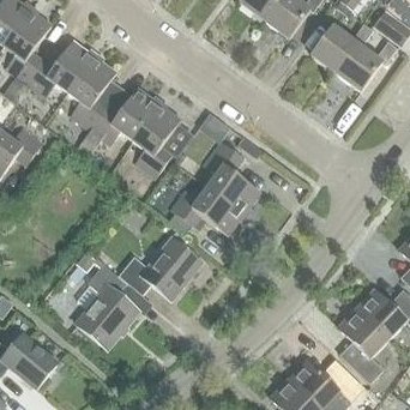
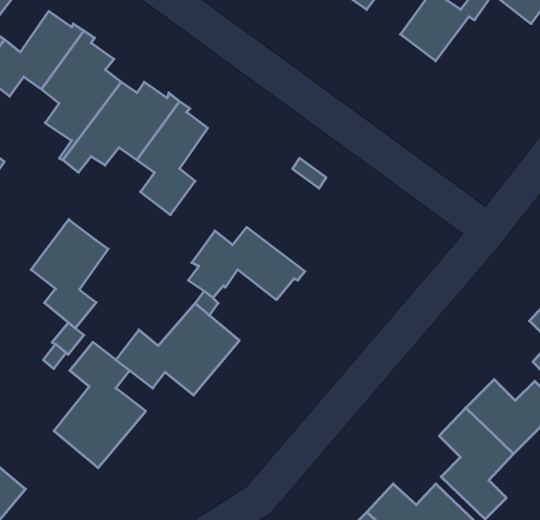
building: [334,41,396,91] -> none
building: [203,140,259,216] -> none
building: none -> [31,219,108,328]

